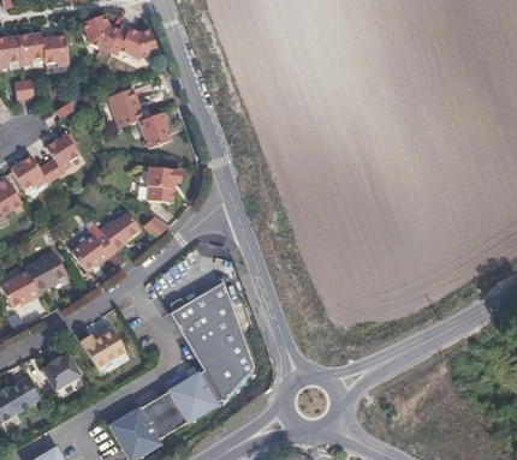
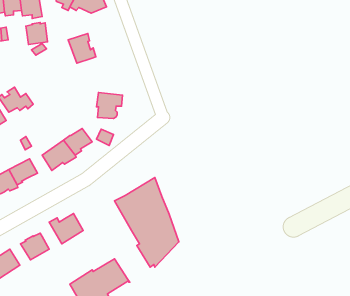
building: none -> [26,23,47,44]
building: [137,110,171,149] -> none
building: [48,137,83,181] -> none
building: [167,370,219,420] -> none

